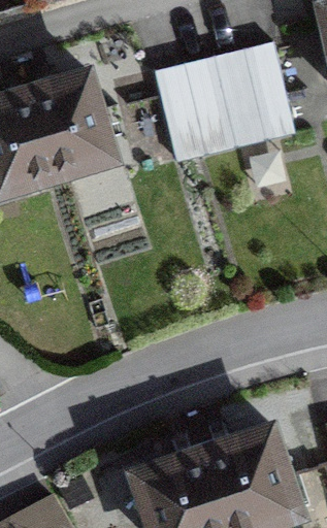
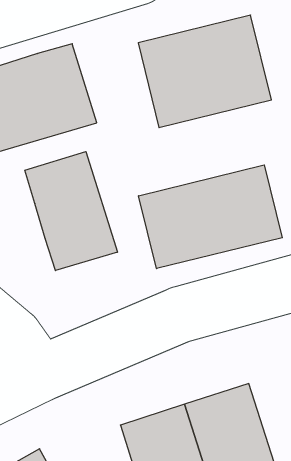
building: none -> [25,152,117,271]
building: none -> [139,165,282,269]

